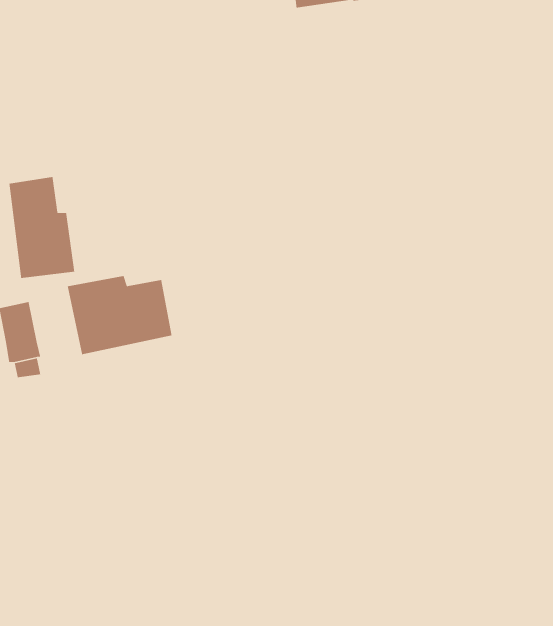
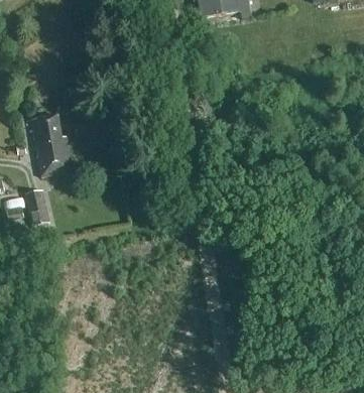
building: [67,275,172,355] -> none

